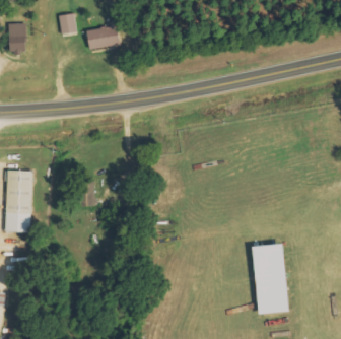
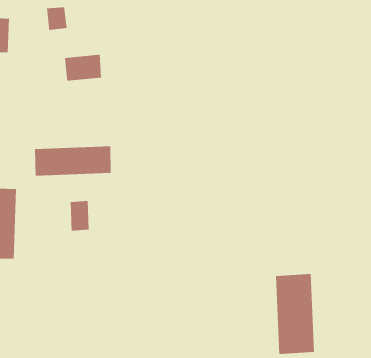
building: [86,24,119,48] -> [64,54,102,81]
building: none -> [35,146,111,177]

